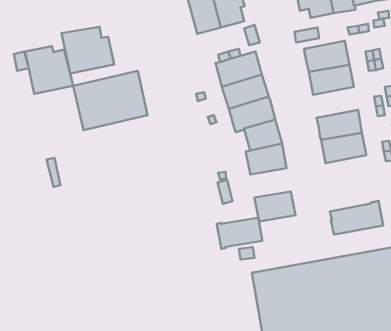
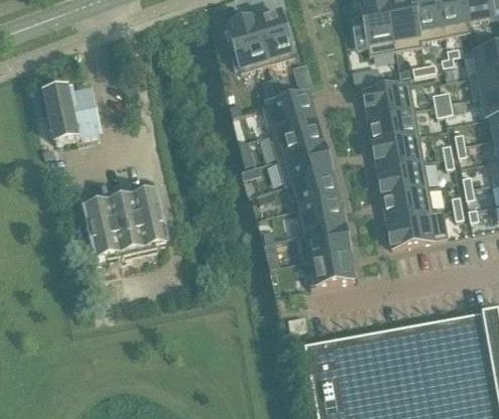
building: [61,27,114,74] -> none
building: [73,71,147,130] -> [84,190,168,258]
building: none -> [373,132,424,167]
building: [330,201,383,235] -> [387,206,448,245]
building: [217,218,262,249] -> [296,225,348,260]

